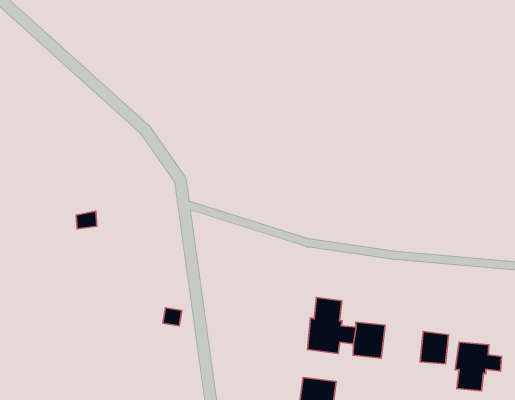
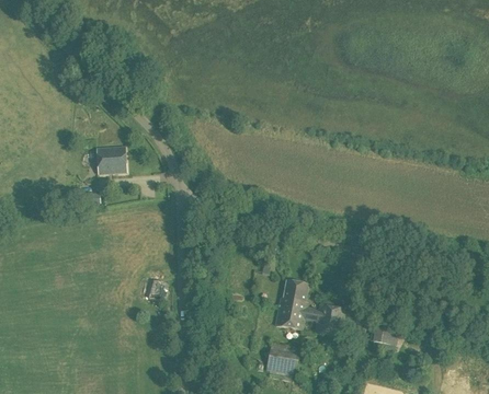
building: none -> [94,146,125,173]
building: [455,342,502,391] -> none

